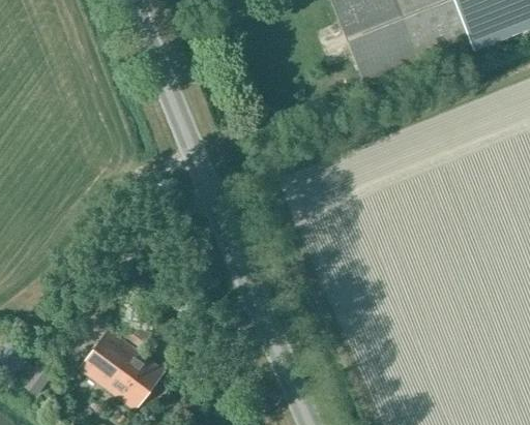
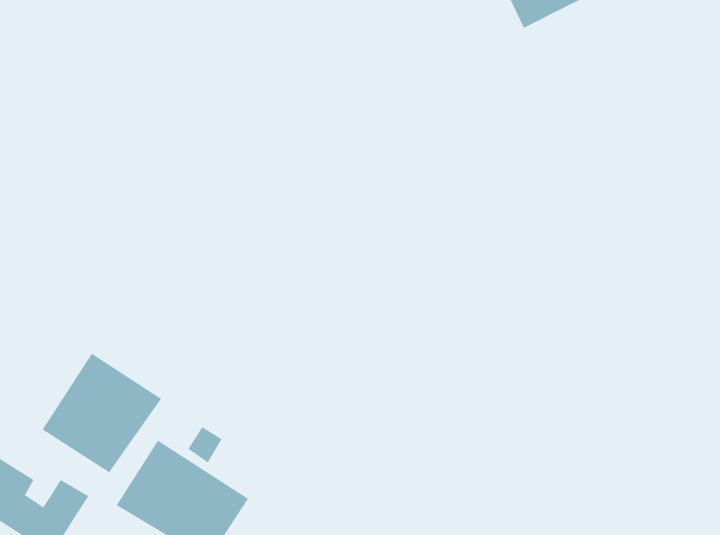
building: none -> [42,353,162,473]

